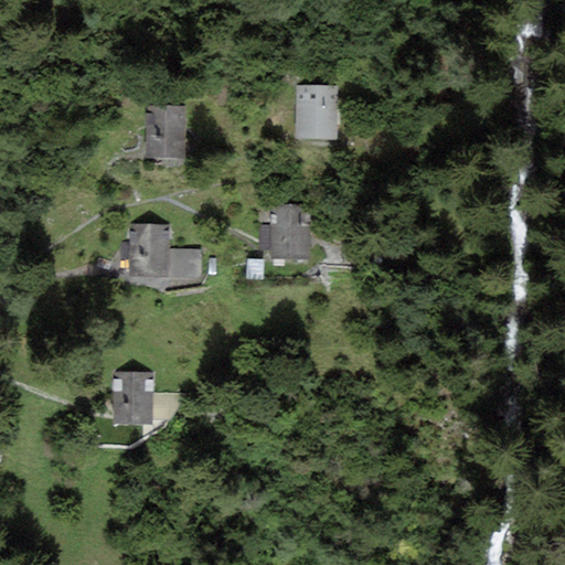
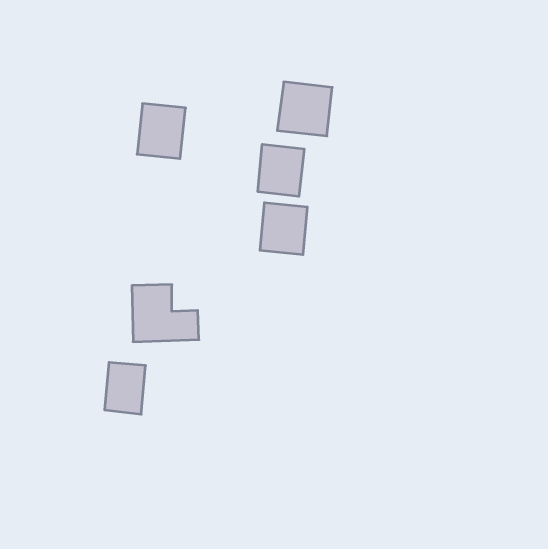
building: none -> [258,144,304,196]
building: [125,222,193,280] -> [132,285,199,342]

